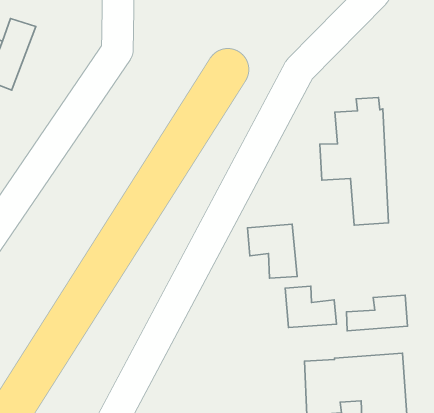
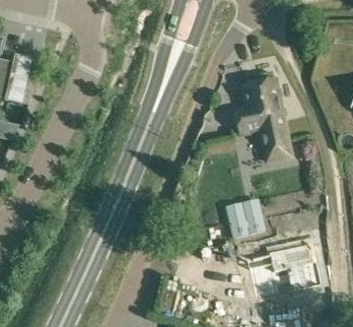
building: [248,224,297,278] -> none
building: [346,295,407,331] -> none

